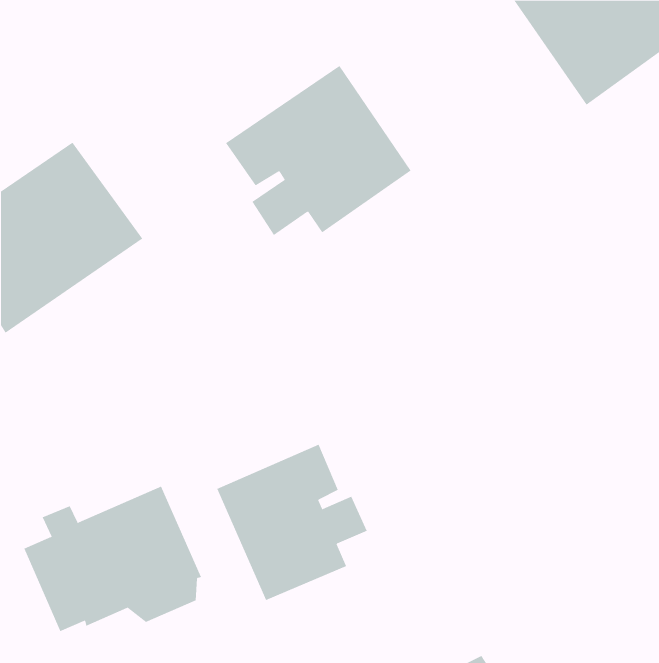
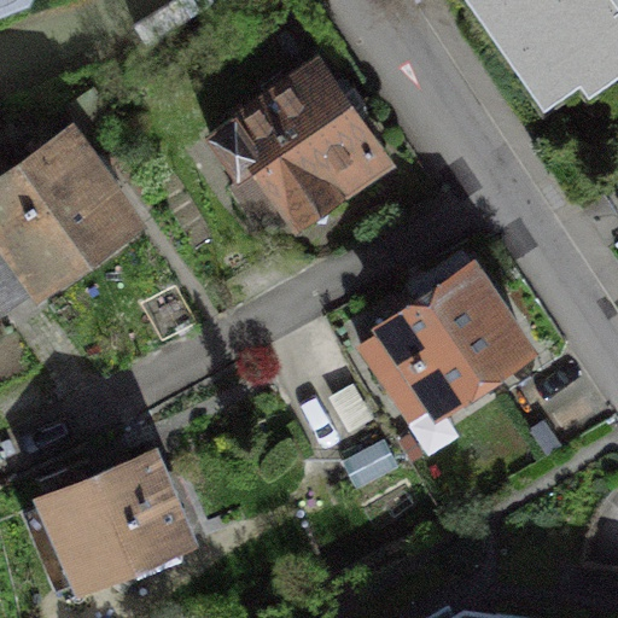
building: none -> [366,266,532,418]
building: [217,444,368,601] -> none

